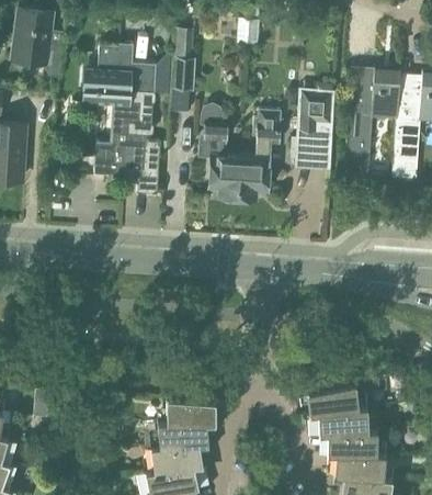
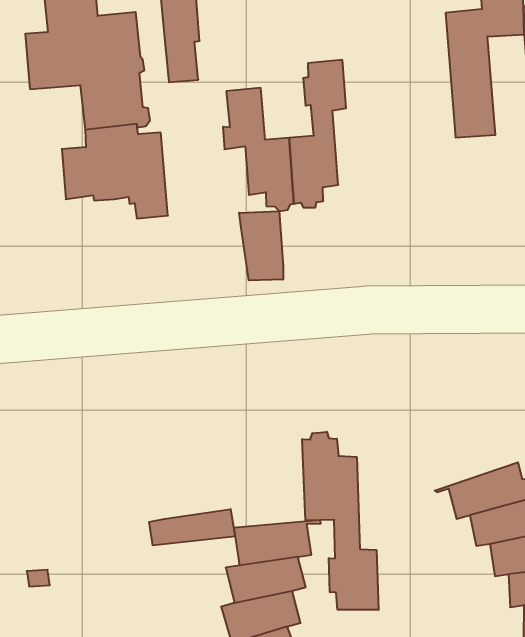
building: [291,88,336,169] -> none
building: none -> [239,211,283,280]
building: none -> [302,432,379,610]
building: none -> [149,509,235,545]

